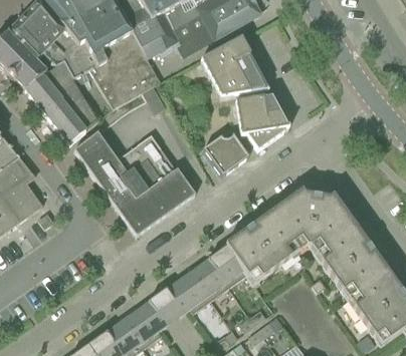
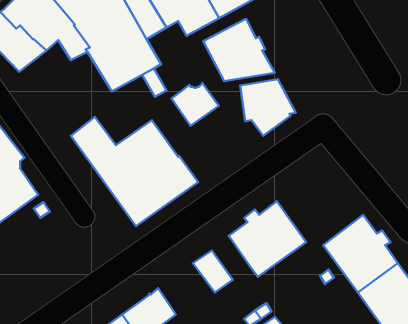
building: [25,57,99,142] -> none
building: [204,133,249,174] -> [172,83,219,126]
building: [271,190,354,253] -> none
building: [209,245,246,286] -> none
building: [158,270,212,319] -> none

